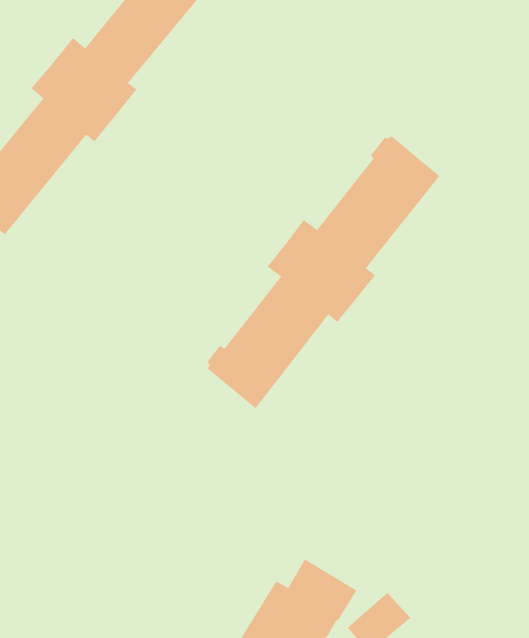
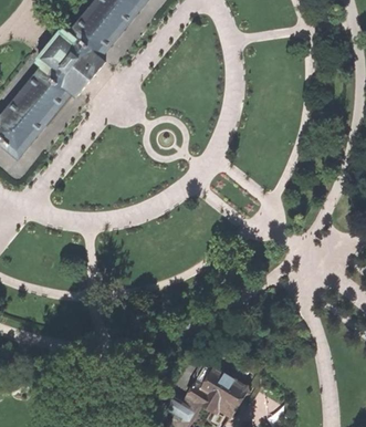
building: [207,136,440,409] -> none

